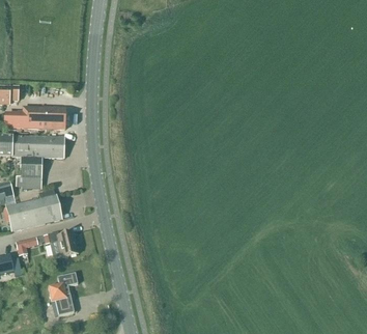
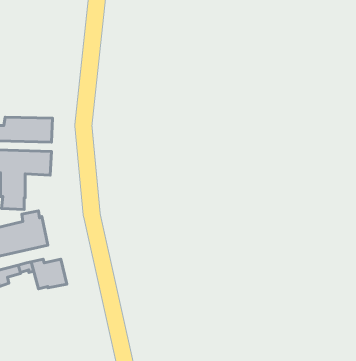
building: [48,274,77,317] -> none

